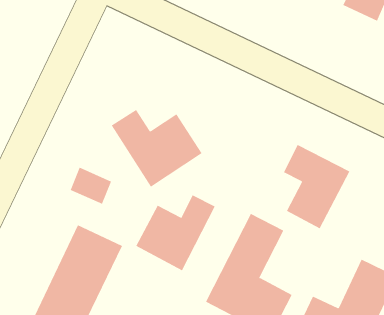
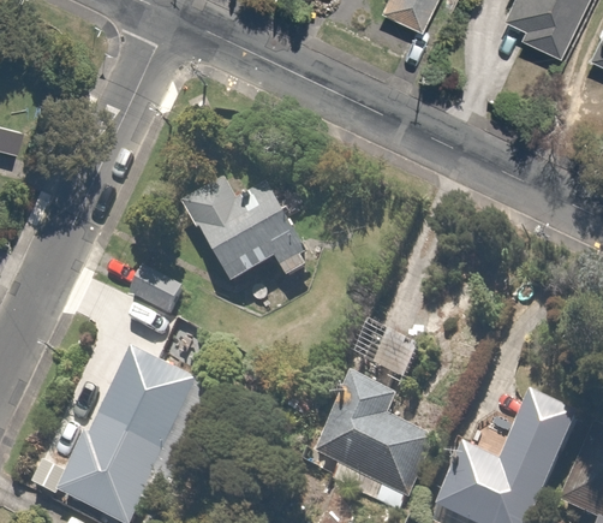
building: [283,144,350,229] -> none
building: [136,194,216,271] -> none

